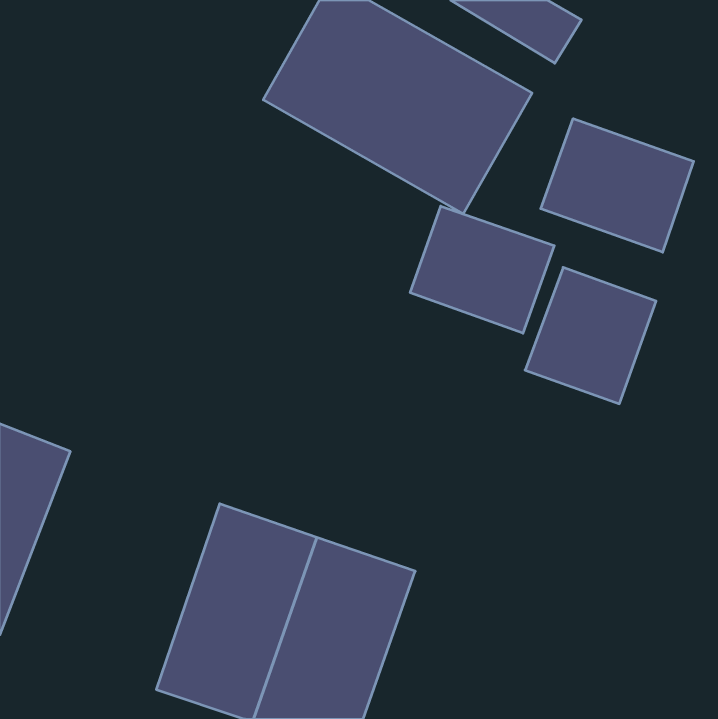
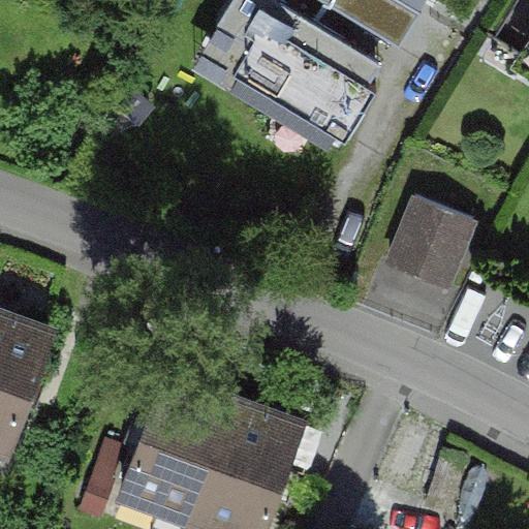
building: [541,119,694,252] -> none
building: [410,206,554,333] -> none

